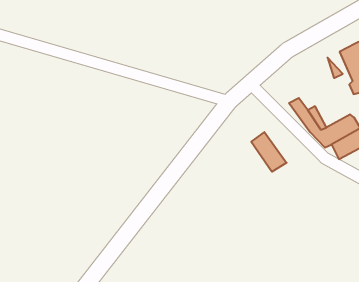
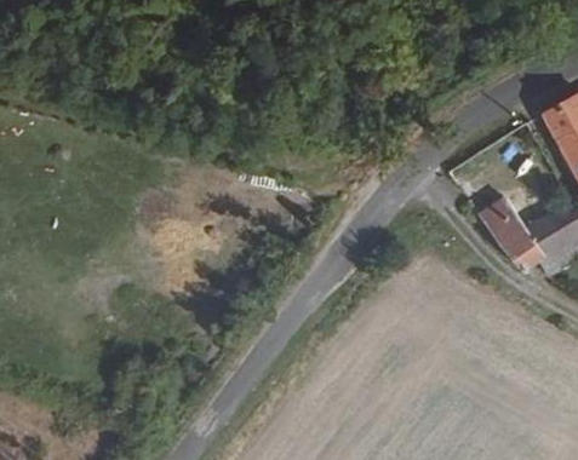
building: [251,132,287,172] -> none

